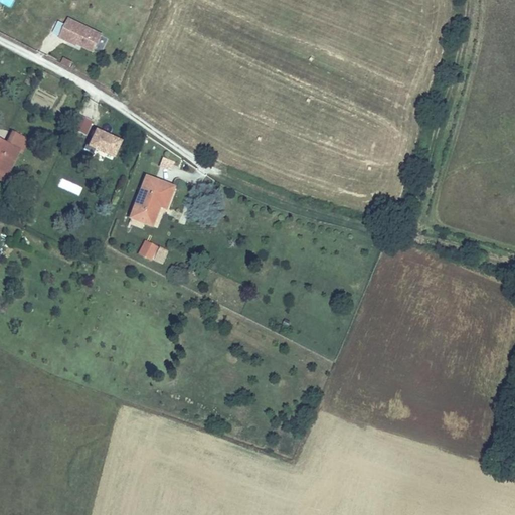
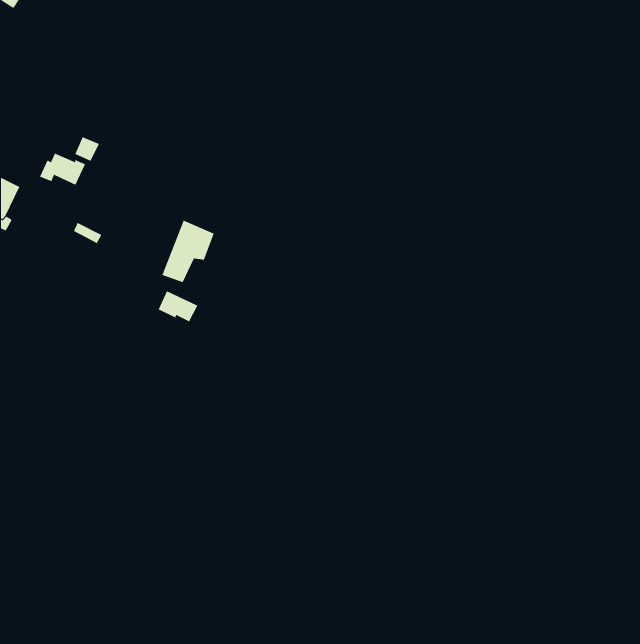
building: [52,17,93,48] -> none
building: [76,125,114,151] -> [39,153,86,186]

